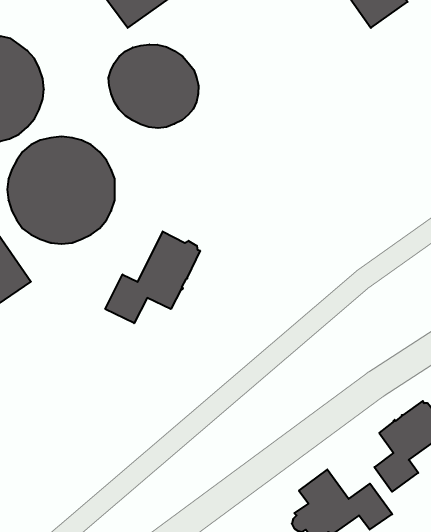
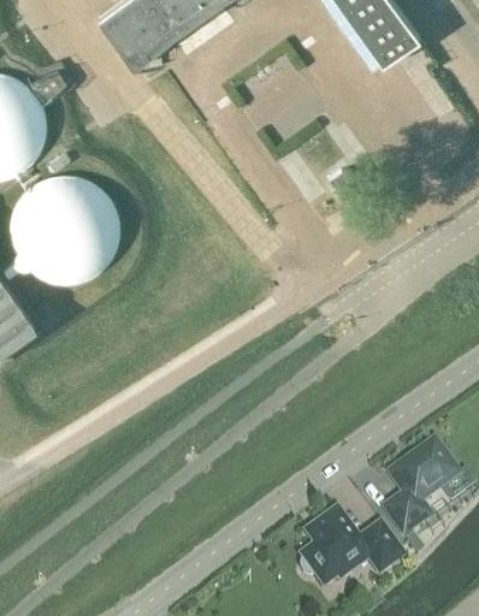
building: [109,44,198,128] -> none
building: [105,231,200,323] -> none

